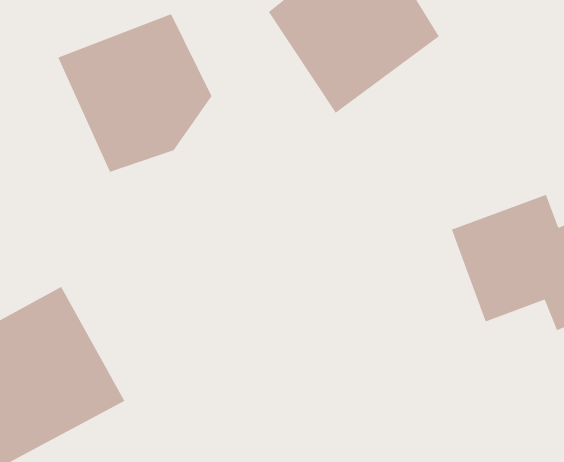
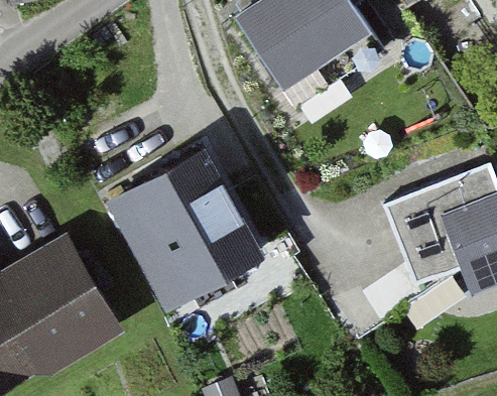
building: [57,13,212,173] -> none
building: none -> [113,154,258,306]

